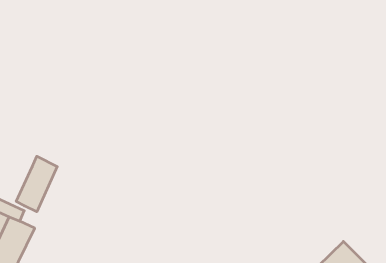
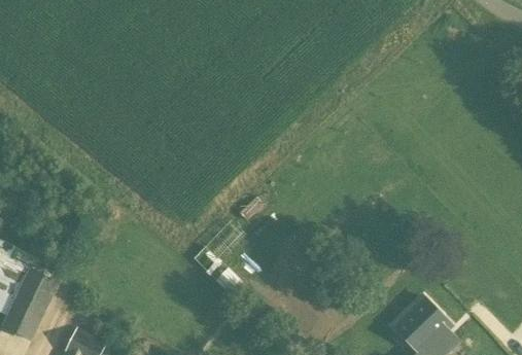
building: [16,156,57,212] -> none

